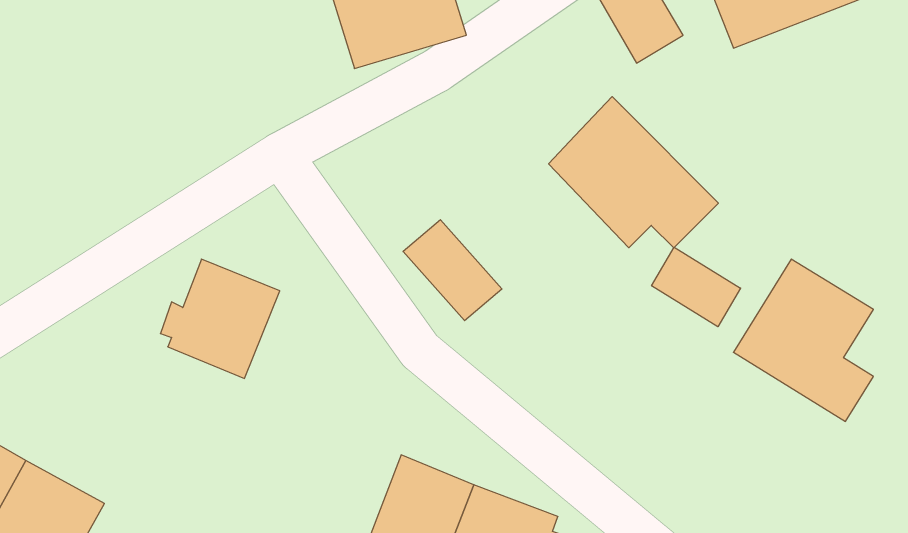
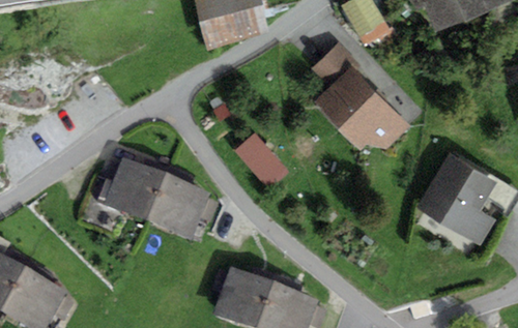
building: none -> [311,41,362,87]
building: [652,247,741,327] -> none
building: none -> [146,173,210,239]

